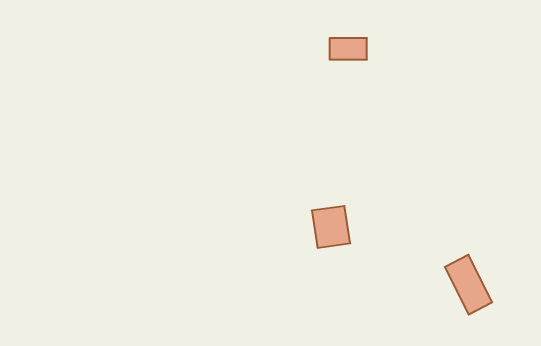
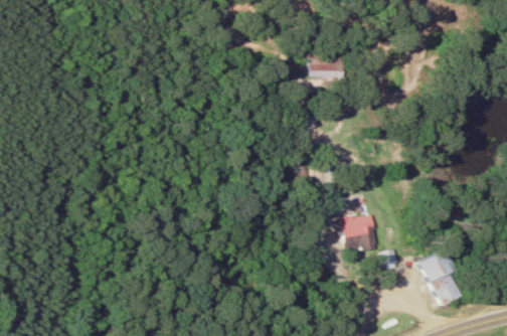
building: [312,206,350,248] -> [347,214,381,251]

